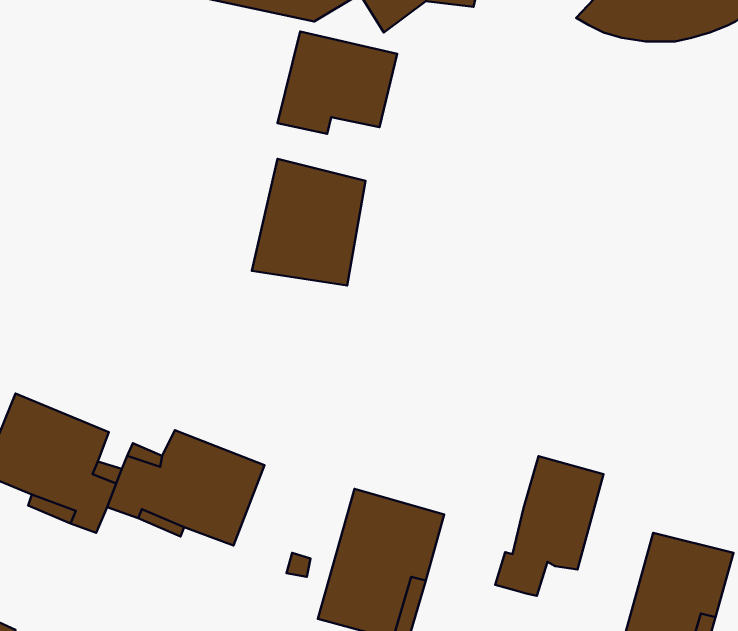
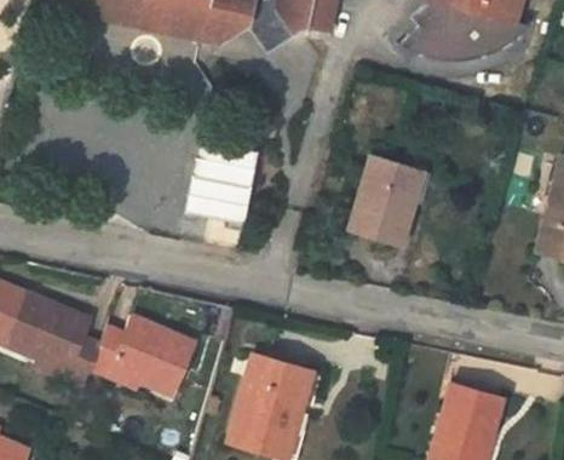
building: [278,31,397,134] -> none
building: none -> [349,155,422,242]
building: [495,456,604,596] -> none

